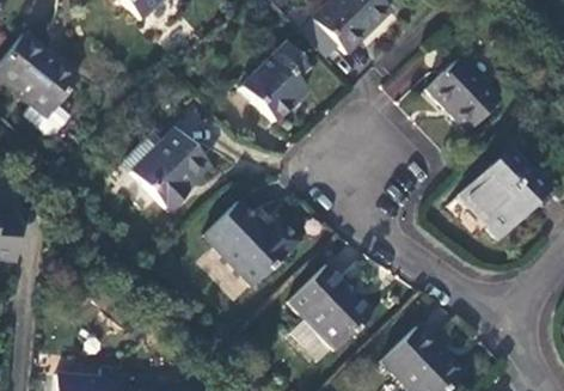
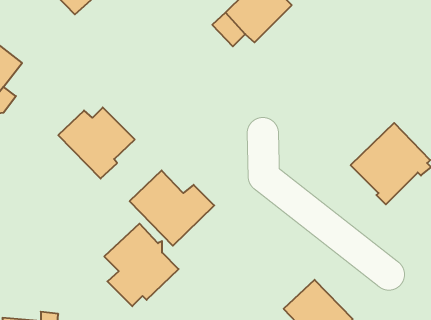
building: [239,43,308,122] -> none
building: [425,59,501,134] -> none
building: [286,267,372,362] -> [104,224,179,306]

